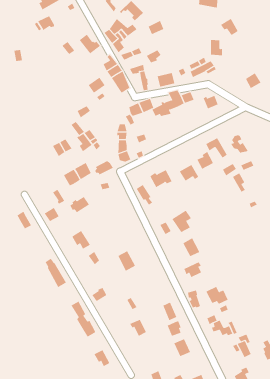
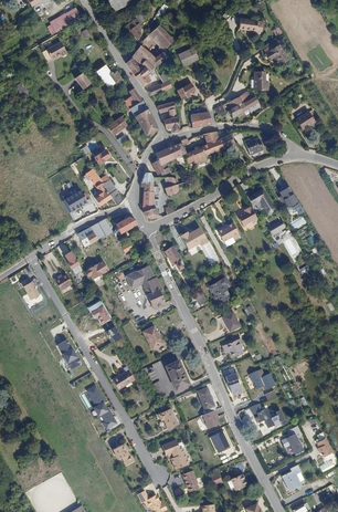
building: none -> [126,264,165,307]
building: none -> [165,358,190,390]
building: none -> [161,439,189,469]

